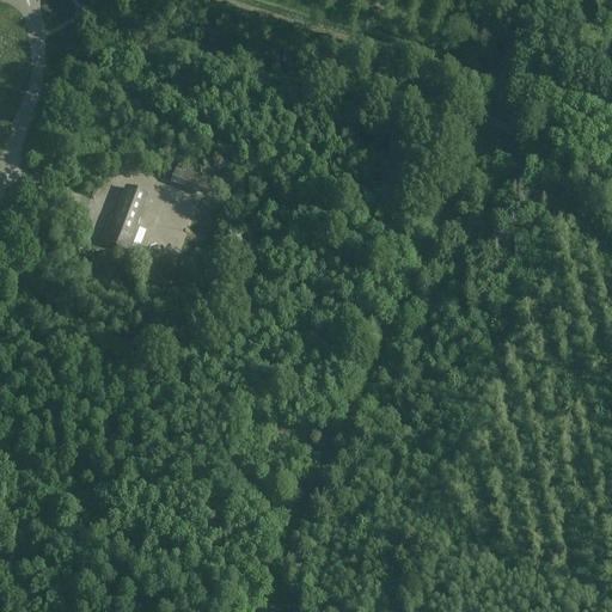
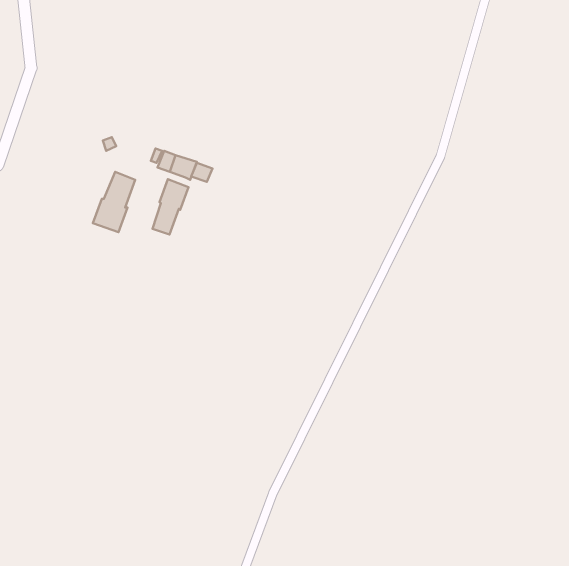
building: none -> [153,179,189,235]

